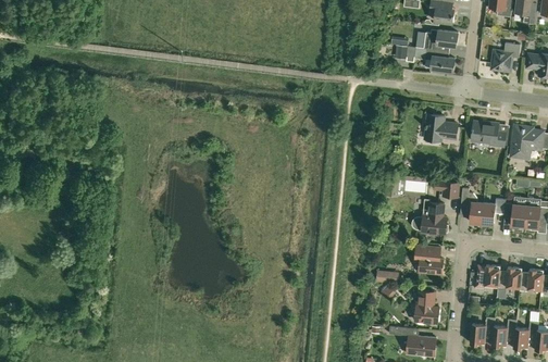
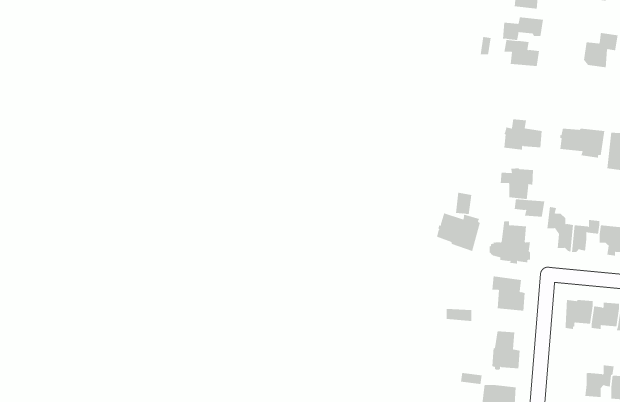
building: none -> [500,167,534,200]
building: none -> [437,213,481,252]
building: [471,316,496,344] -> none

